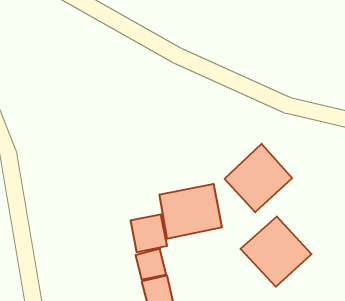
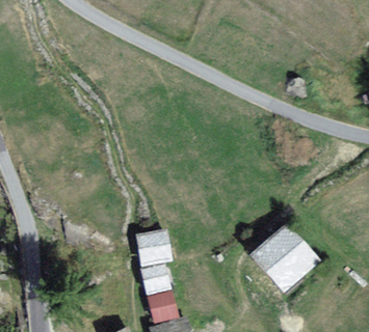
building: [225,144,292,212] -> none
building: [160,184,222,239] -> none

